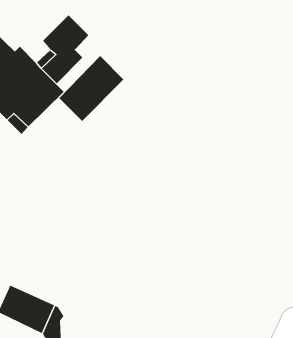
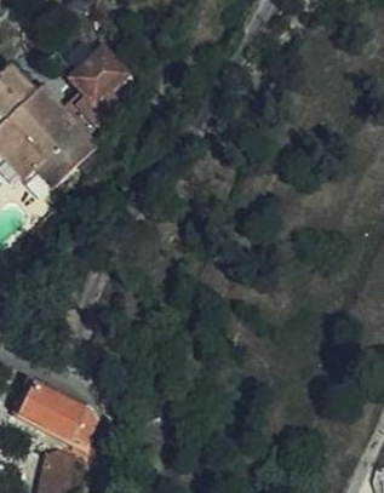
building: [58,55,124,122] -> none

